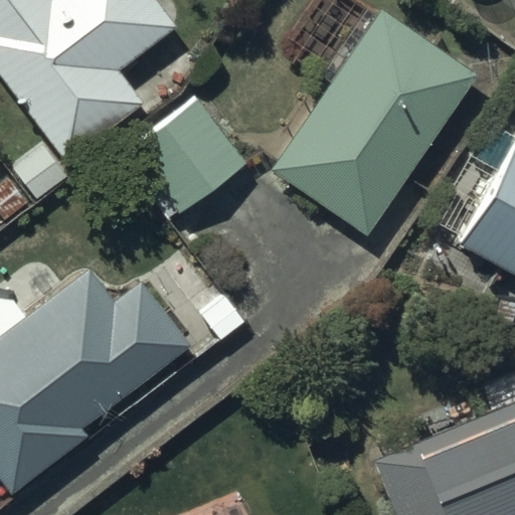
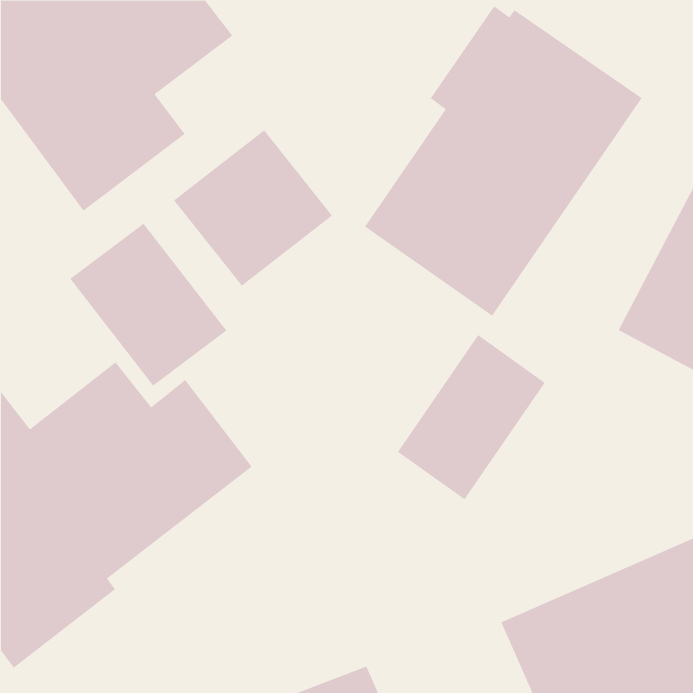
building: none -> [69,223,227,386]
building: none -> [397,334,546,500]

